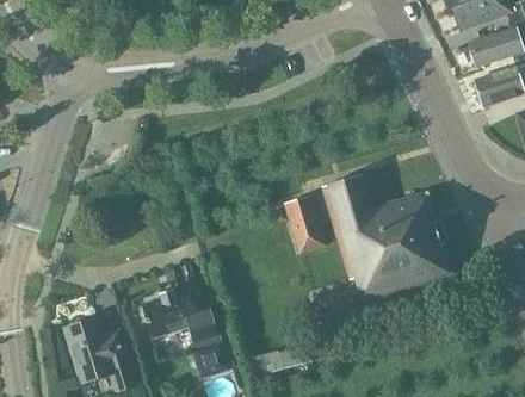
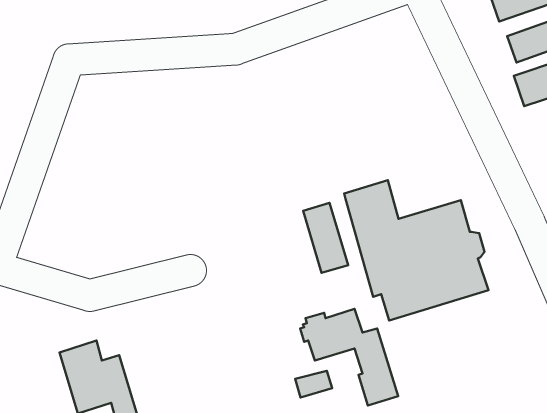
building: [140,290,228,377] -> [300,309,398,405]

